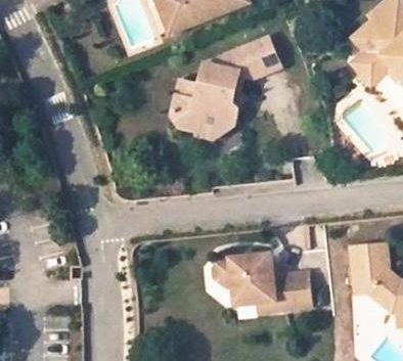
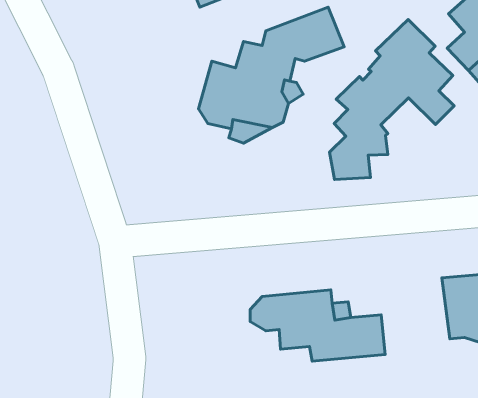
building: none -> [330,20,454,180]

